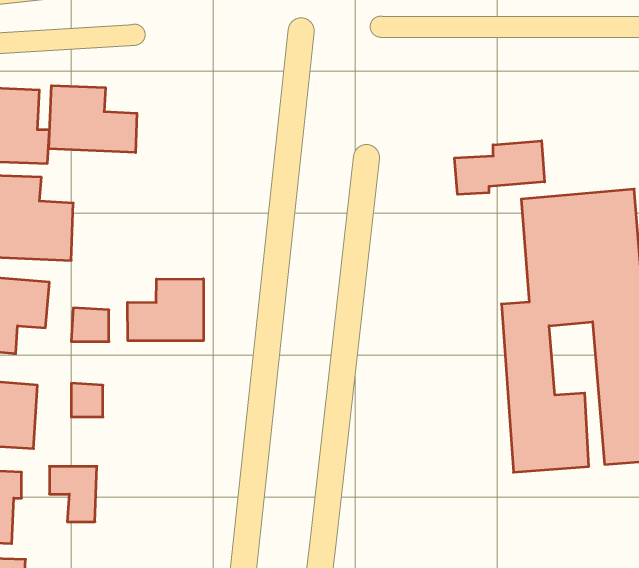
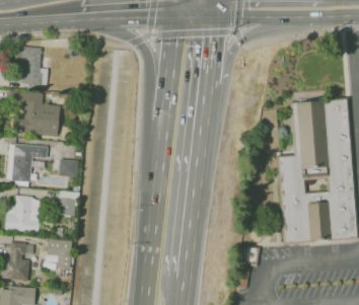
building: [49,86,137,153] -> none
building: [455,141,545,194] -> none
building: [128,279,203,341] -> none

